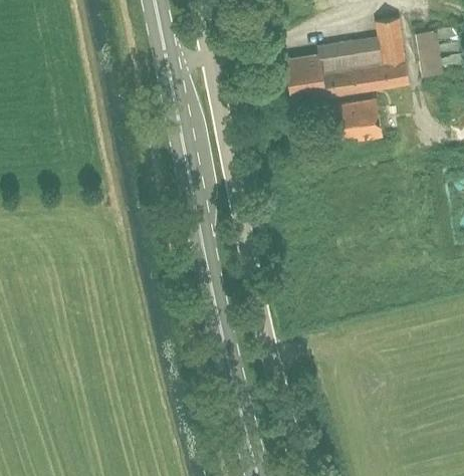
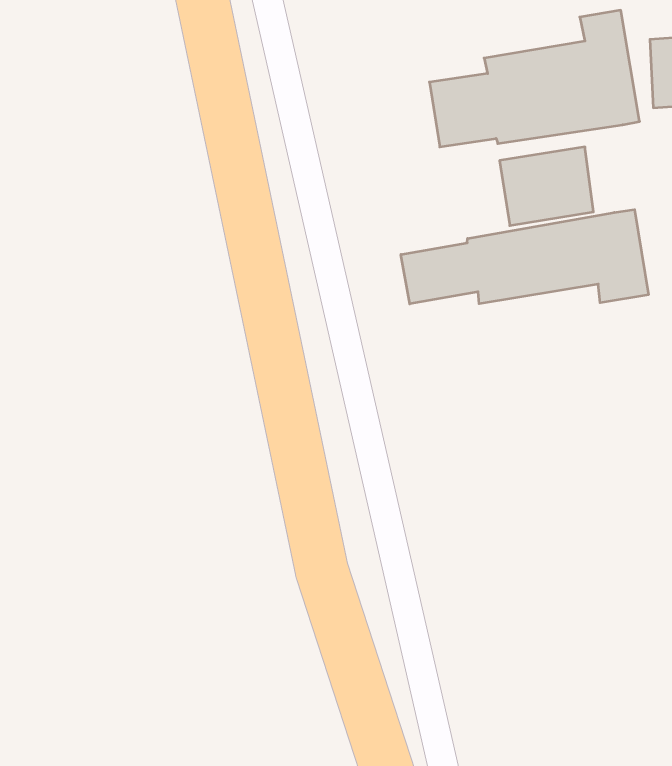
building: none -> [401,210,648,304]

